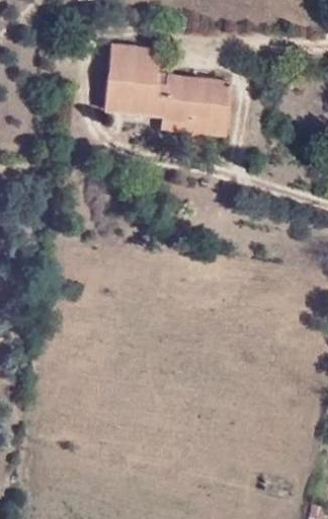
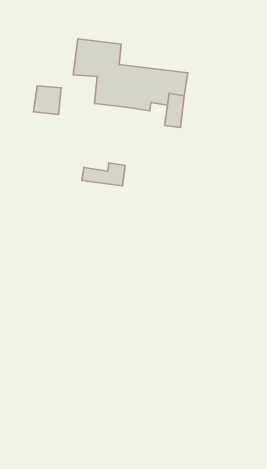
building: [103,82,134,114] -> [34,86,61,115]
building: [163,113,211,138] -> [82,163,125,186]

